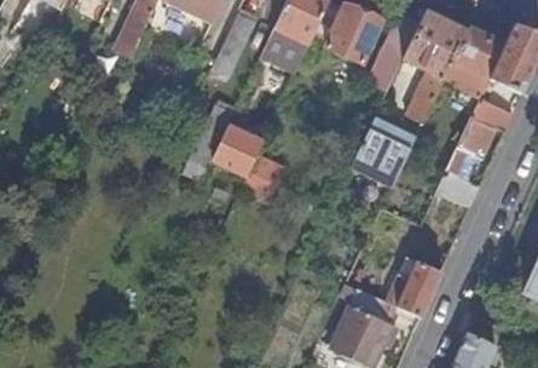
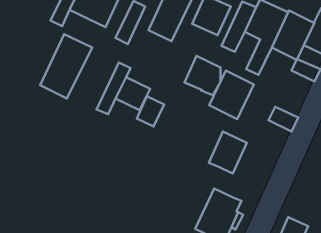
building: none -> [40,34,92,98]
building: none -> [184,56,221,95]
building: [447,115,505,173] -> none
building: [386,255,441,317] -> [209,131,247,173]

